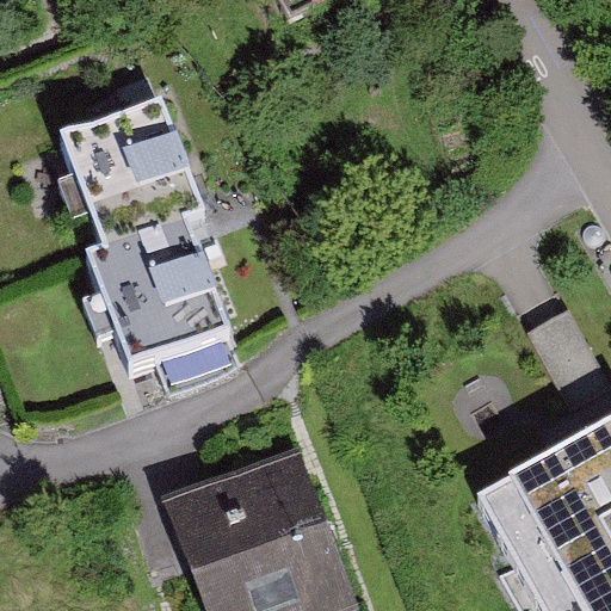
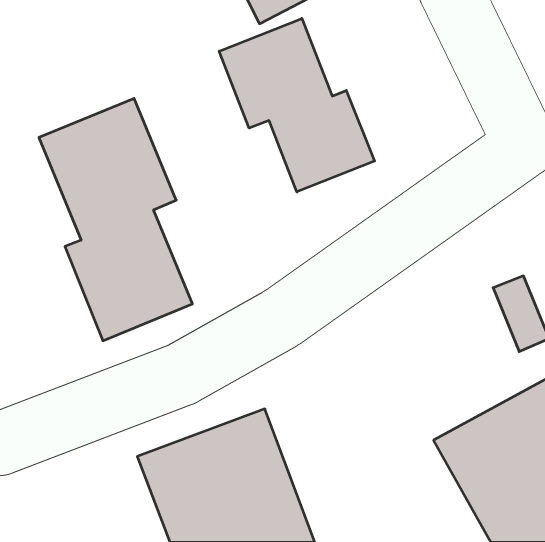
building: none -> [219,18,375,192]

